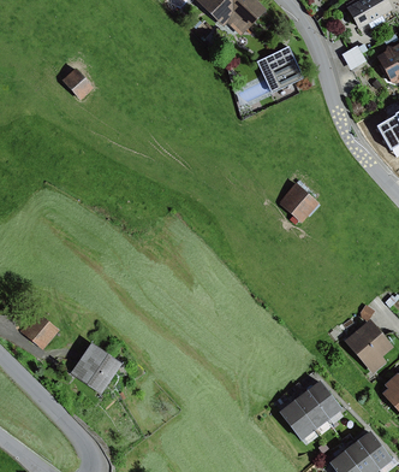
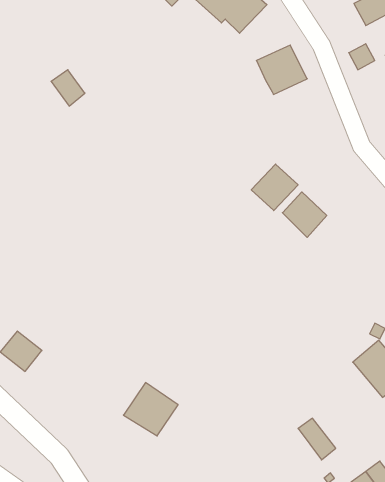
building: none -> [251,164,298,211]
building: [71,342,121,391] -> [123,383,178,436]
building: [309,380,344,419] -> none
building: [281,401,317,441] -> none

